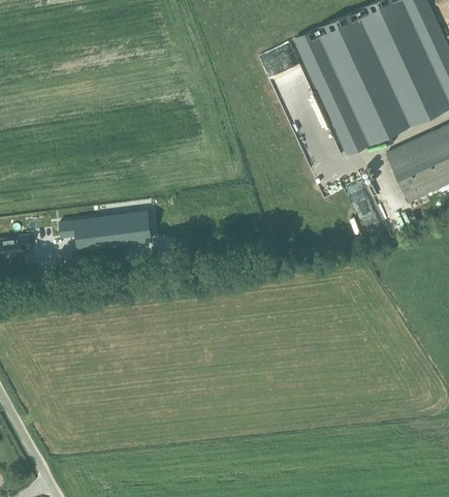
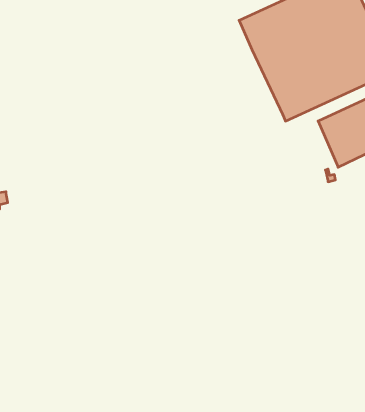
building: [56,214,149,251] -> none

